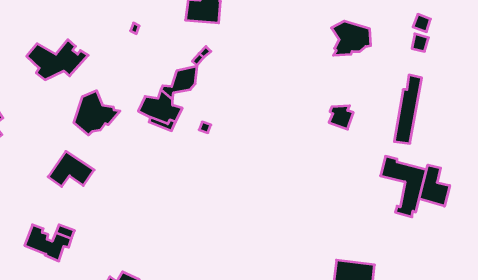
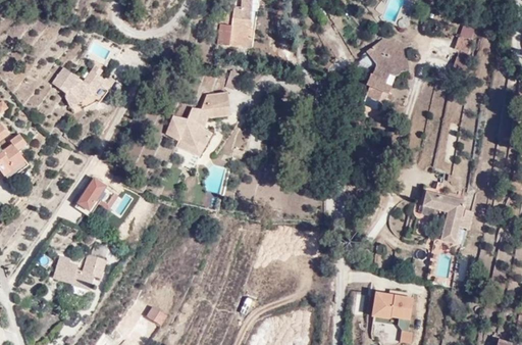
building: [74,91,120,135] -> none
building: [329,106,353,129] -> [367,78,393,102]
building: [419,165,450,206] -> none

